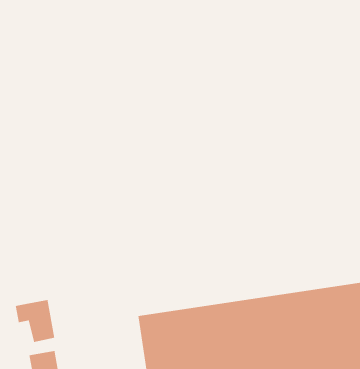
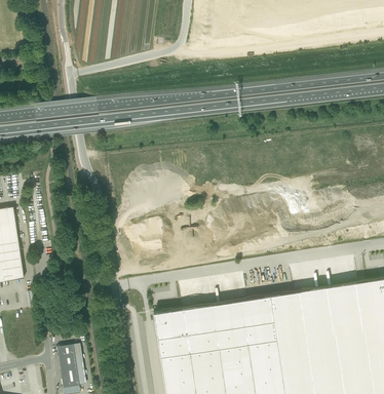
building: [15,299,55,343] -> none

